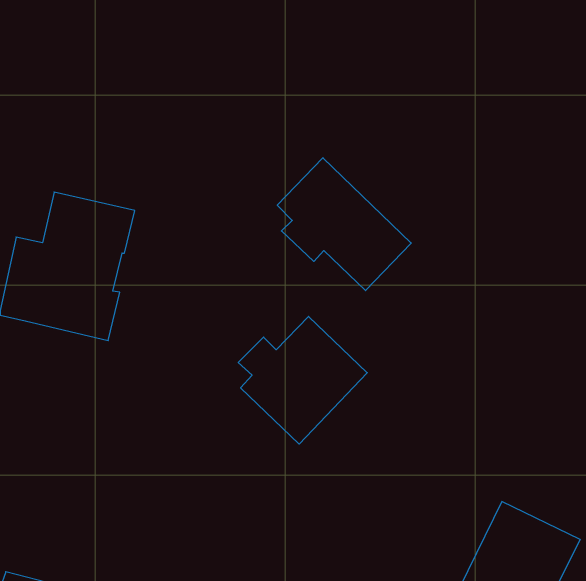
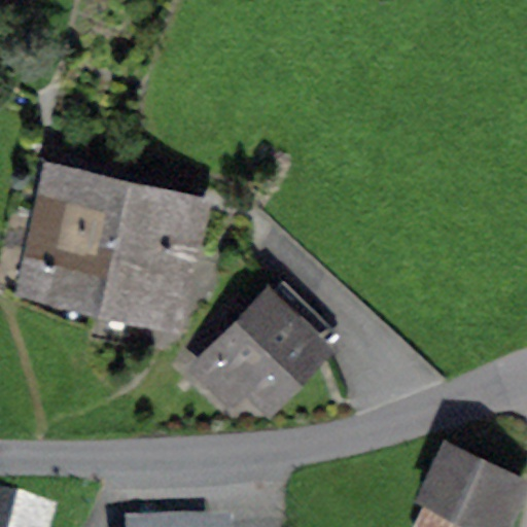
building: [277,158,411,291] -> none
building: none -> [99,195,201,326]

